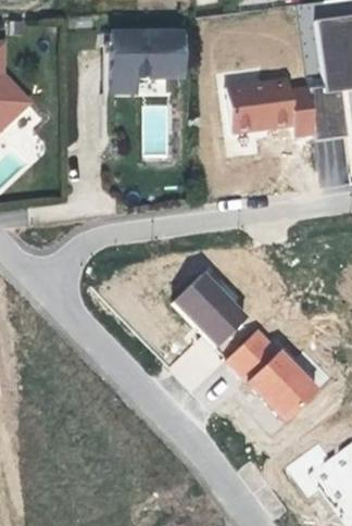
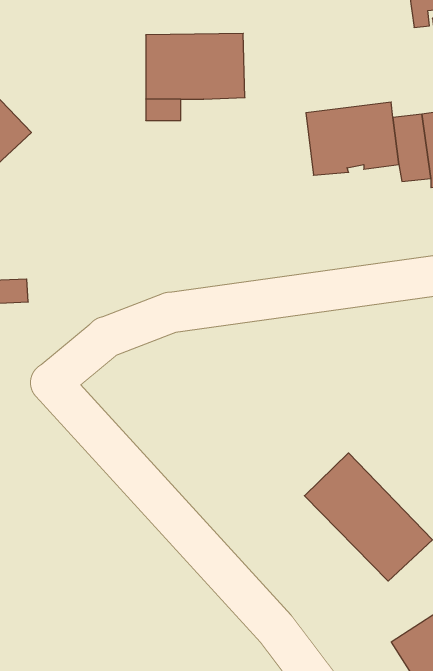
building: [174,273,246,346] -> none

